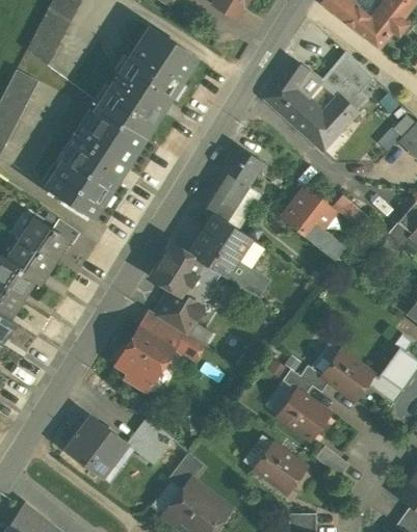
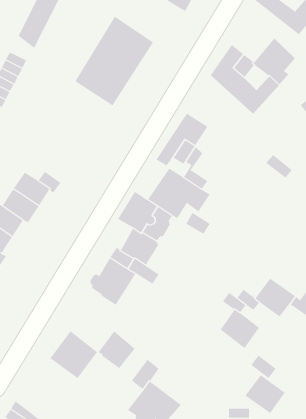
building: [46,106,146,218] -> none
building: [283,189,344,261] -> none
building: [255,444,306,493] -> [245,375,286,414]

